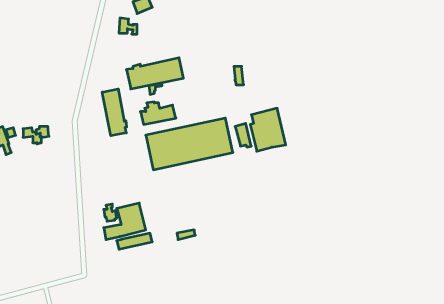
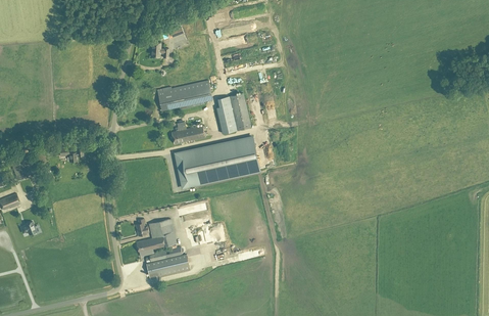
building: [102,89,127,136] -> none
building: [250,108,286,151] -> [216,92,250,133]
building: none -> [146,254,189,279]

